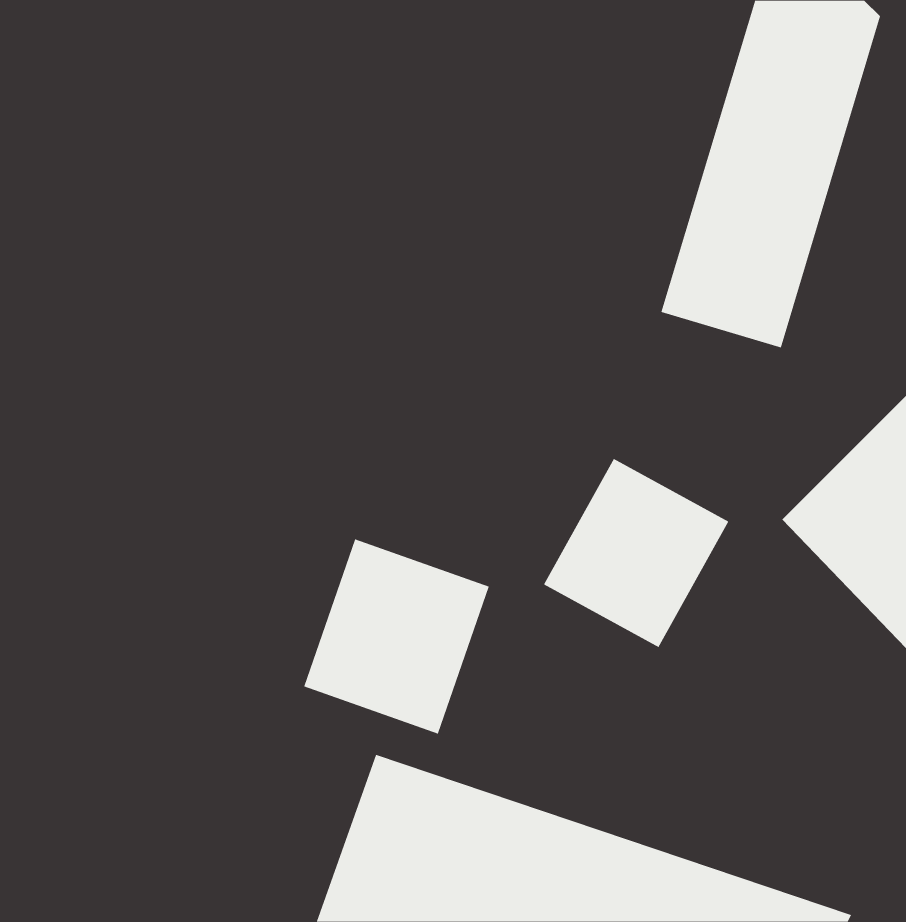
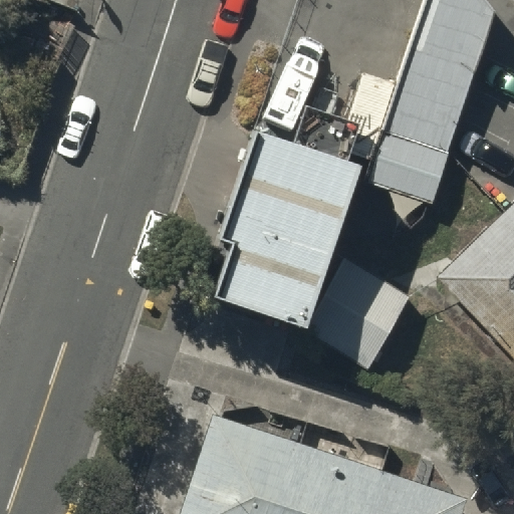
building: none -> [214,112,359,307]
building: [303,539,490,735] -> none

